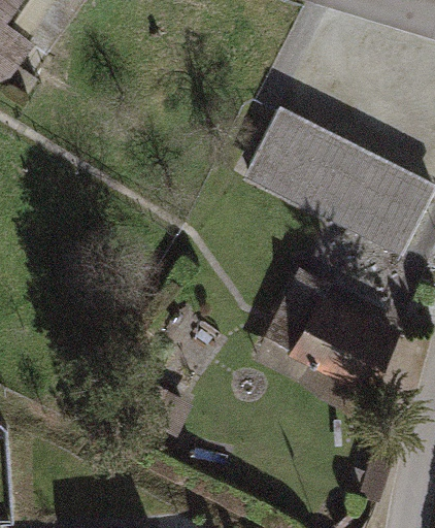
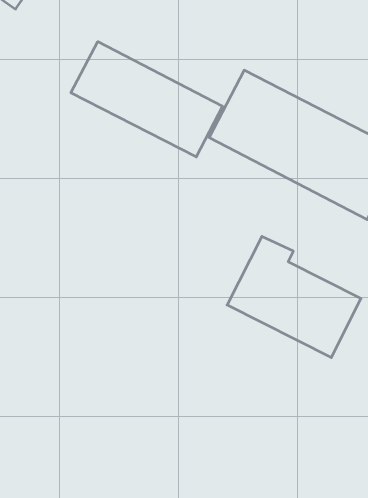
building: none -> [71,42,222,157]

